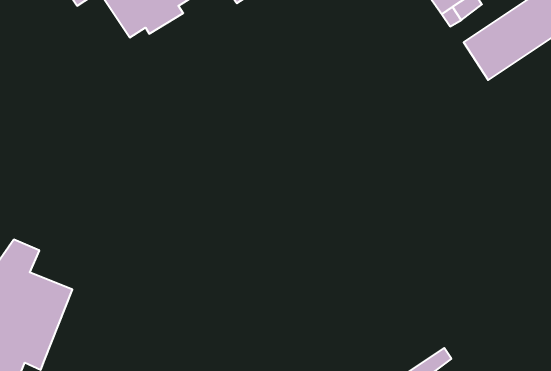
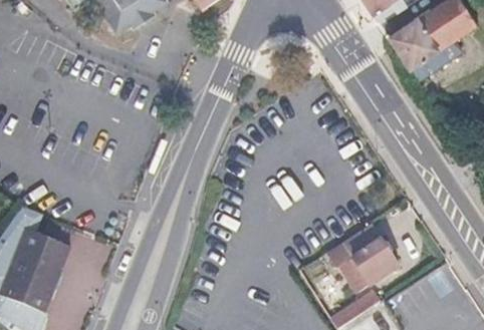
building: none -> [328,227,397,292]

